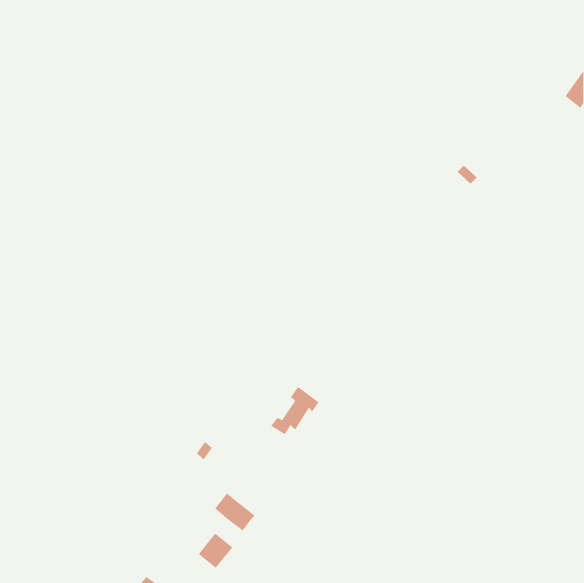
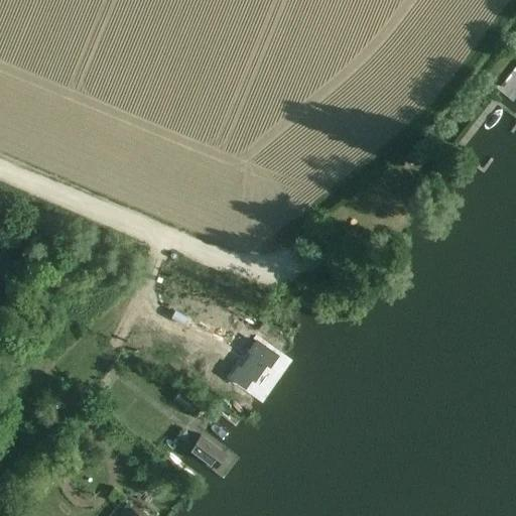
building: [198,532,233,569] -> none

